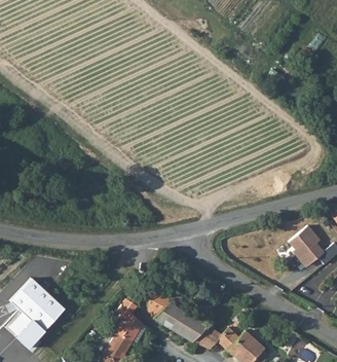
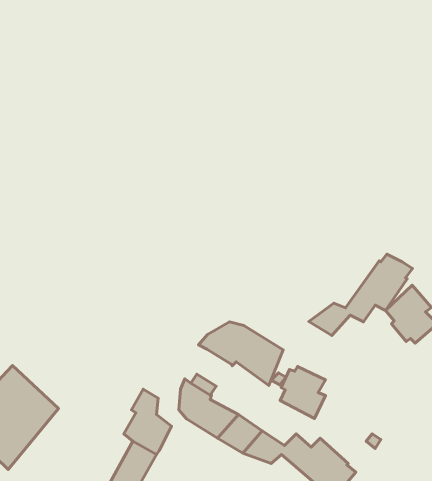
building: none -> [309,254,413,335]
building: none -> [198,322,283,385]
building: none -> [280,367,326,418]

